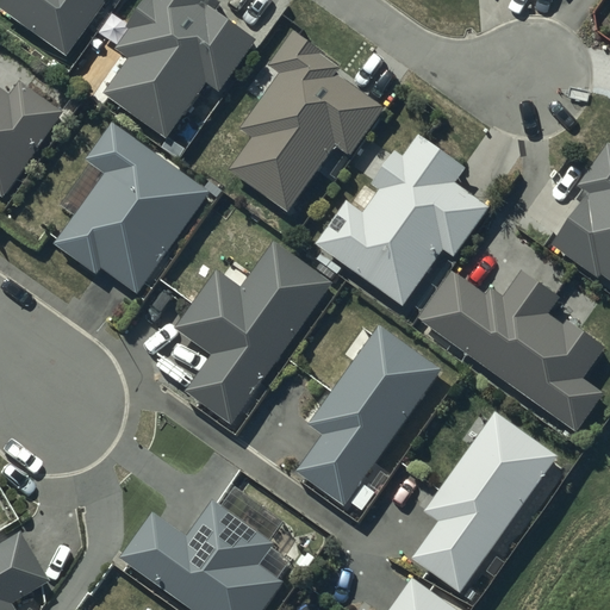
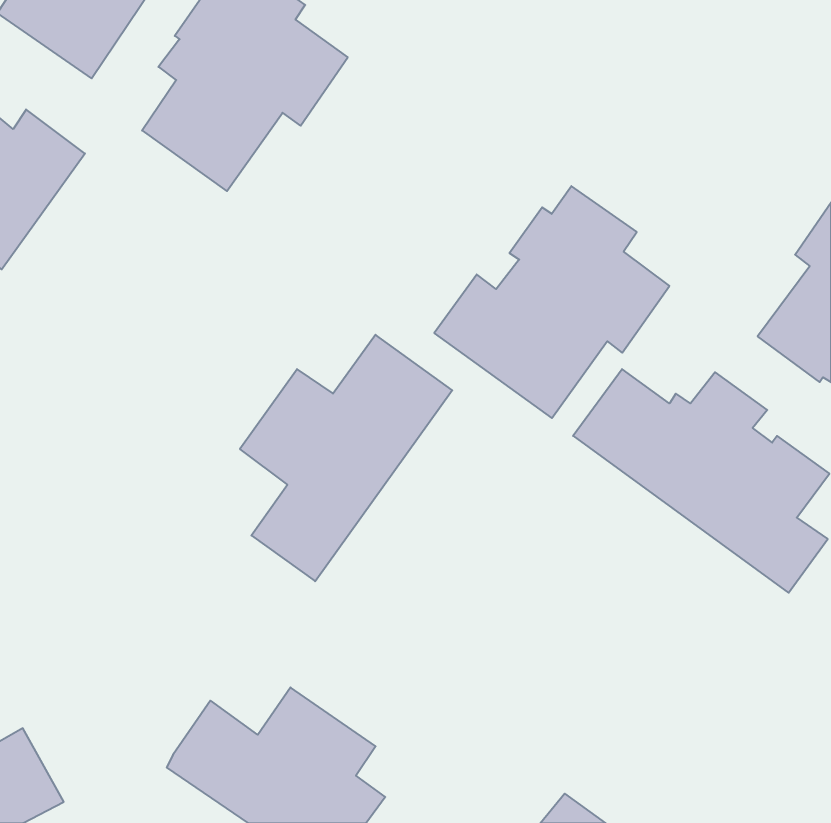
building: [229,35,382,212] -> none
building: [54,122,211,294] -> none
building: [297,326,442,509] -> none
building: [412,415,556,592] -> none

